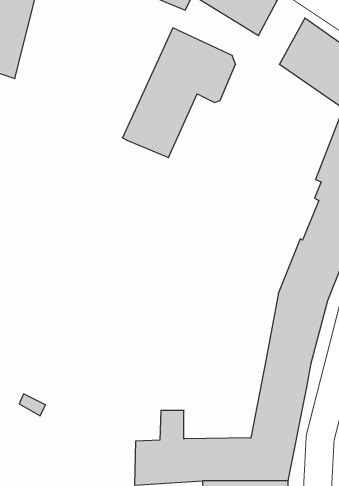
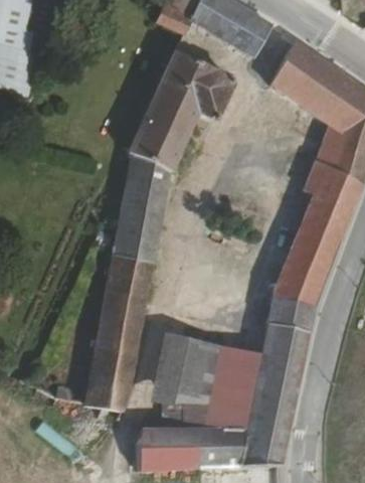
building: none -> [85,152,172,418]
building: none -> [152,332,261,426]

